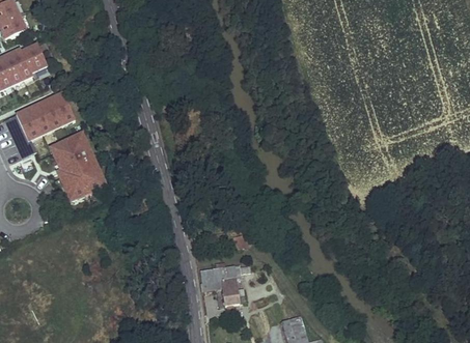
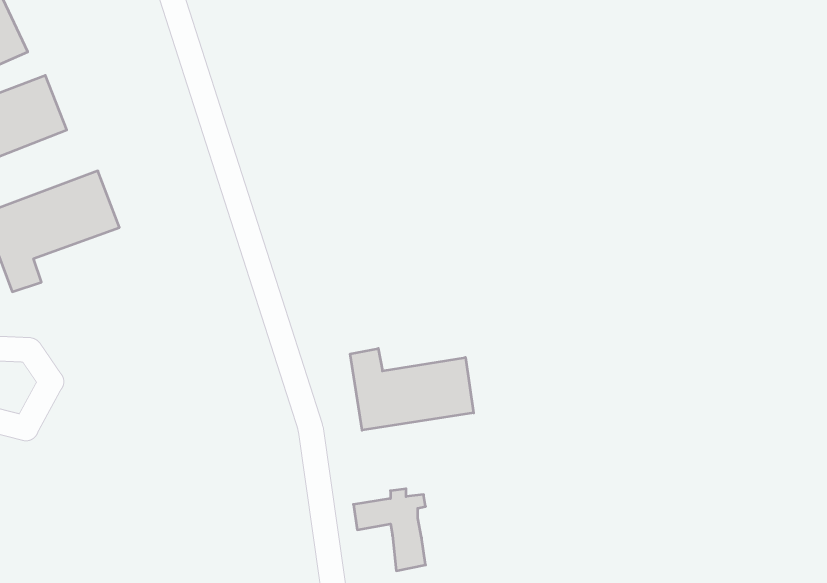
building: [43,132,106,203] -> none
building: none -> [350,348,474,430]

